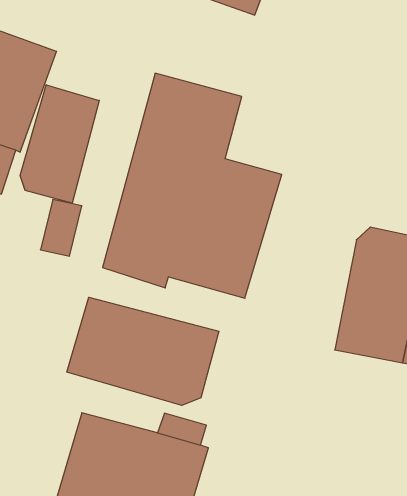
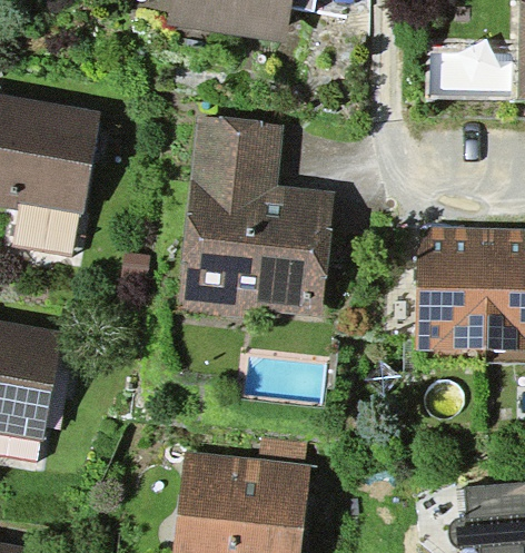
building: [20,85,99,203] -> none
building: [67,297,219,405] -> none

